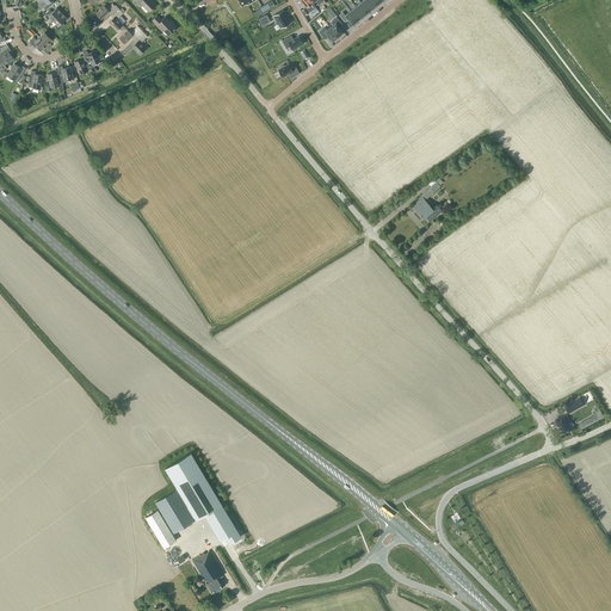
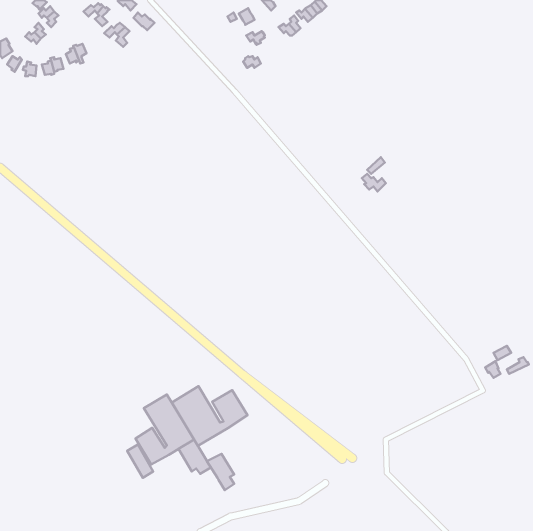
building: none -> [172,386,248,446]
building: [192,553,223,594] -> [207,454,234,490]

